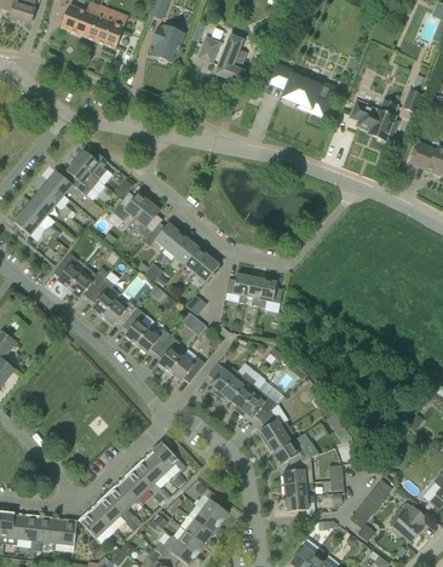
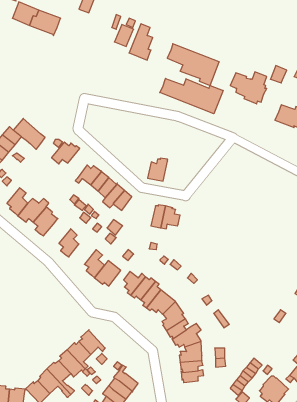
building: [151,24,184,62] -> none
building: none -> [160,78,223,114]
building: [75,150,108,181] -> none
building: [134,200,162,240] -> none
building: [224,273,251,303] -> [148,158,168,181]
building: [102,299,138,326] -> none
building: [136,327,172,354] -> none

